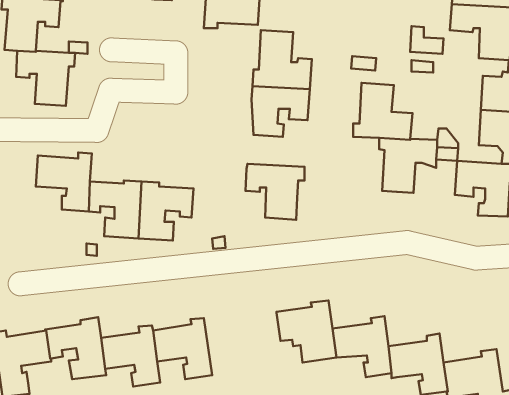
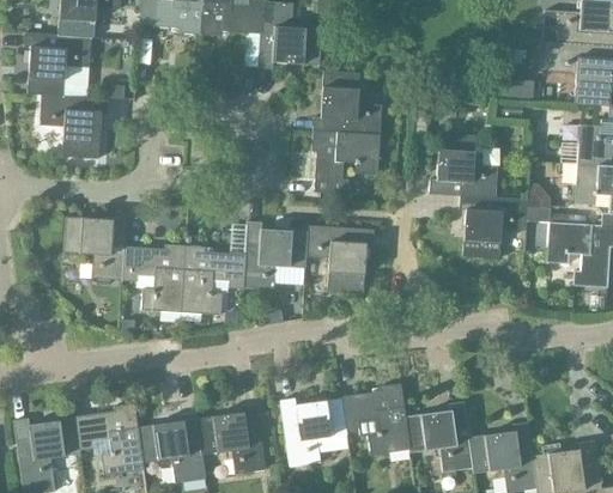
building: none -> [243,221,306,290]
building: none -> [280,397,346,465]

